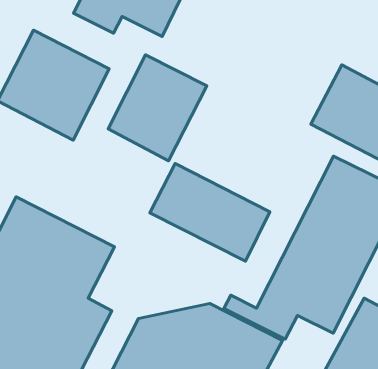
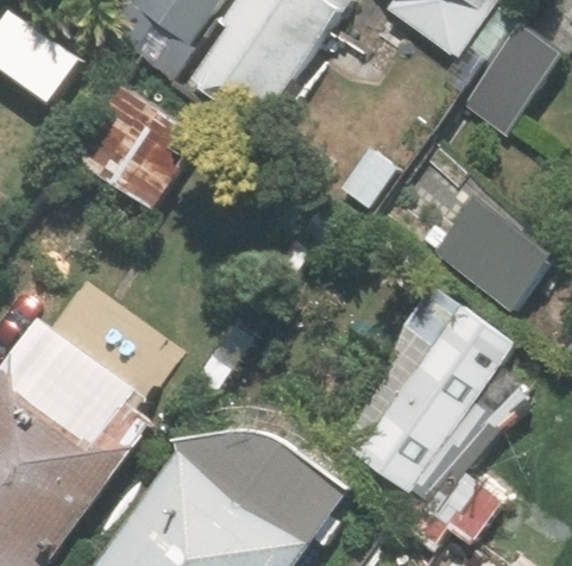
building: [108,55,207,161] -> none
building: [150,163,270,261] -> none

